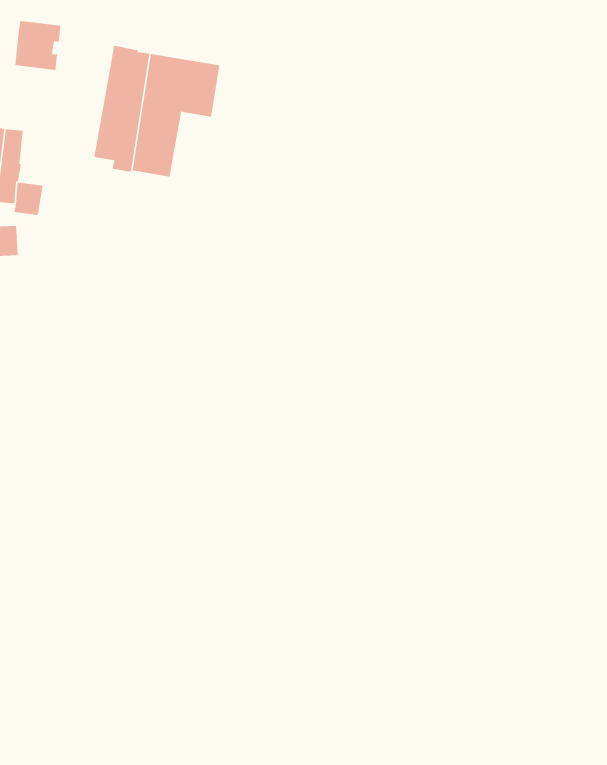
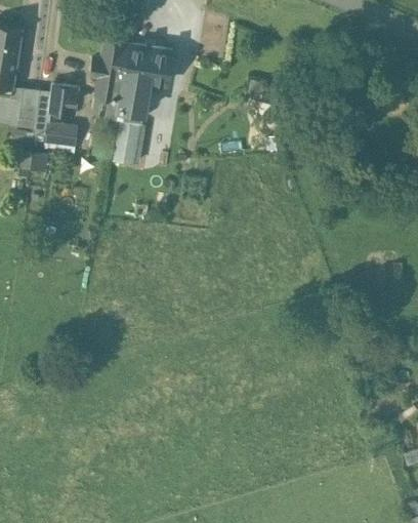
building: [14,20,61,70] -> [48,86,77,117]
building: none -> [113,121,147,164]

